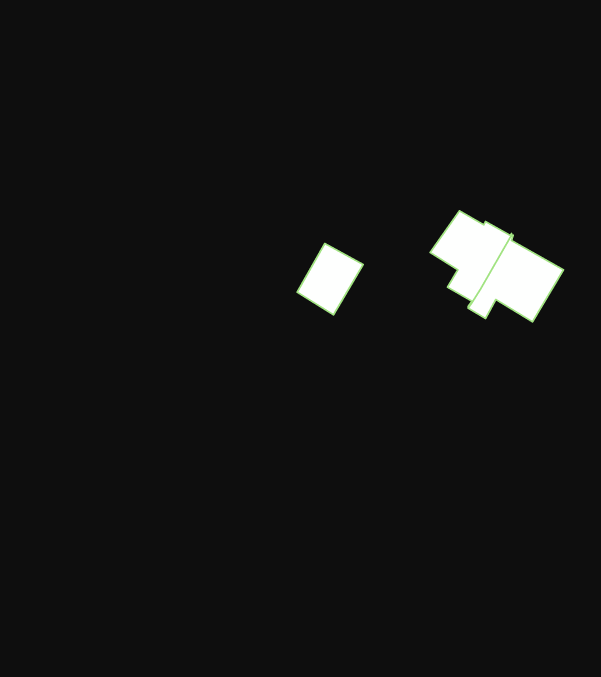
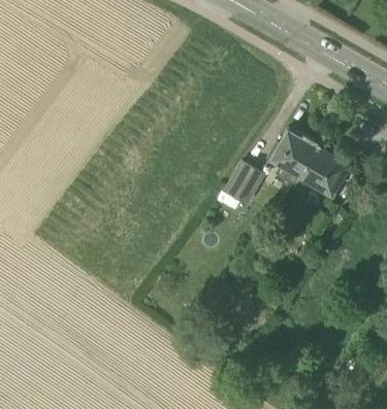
building: [297,244,363,315] -> [227,163,266,205]

